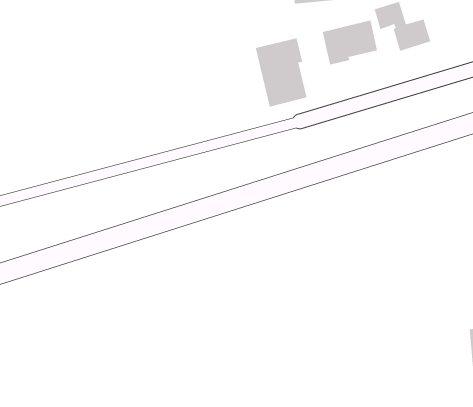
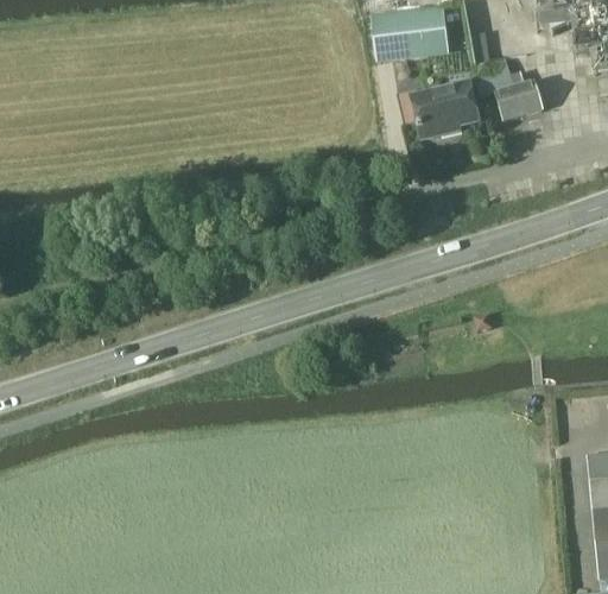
building: [255,37,307,107] -> none

